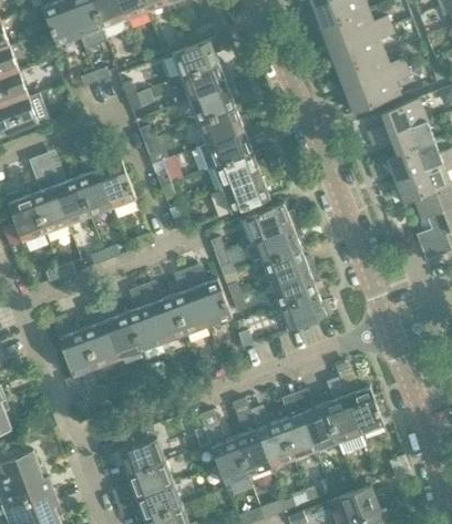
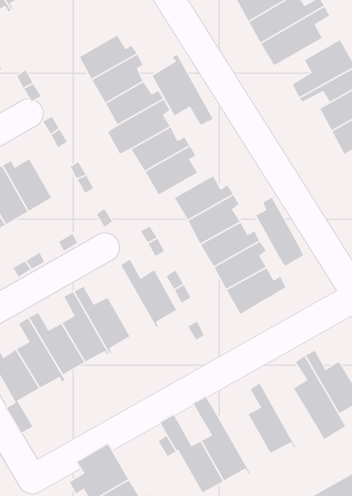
building: [172,38,220,78] -> none
building: none -> [151,53,214,126]
building: none -> [255,197,304,267]
building: [172,269,210,335] -> none
building: [295,391,339,458] -> none
building: [250,408,294,474] -> none

